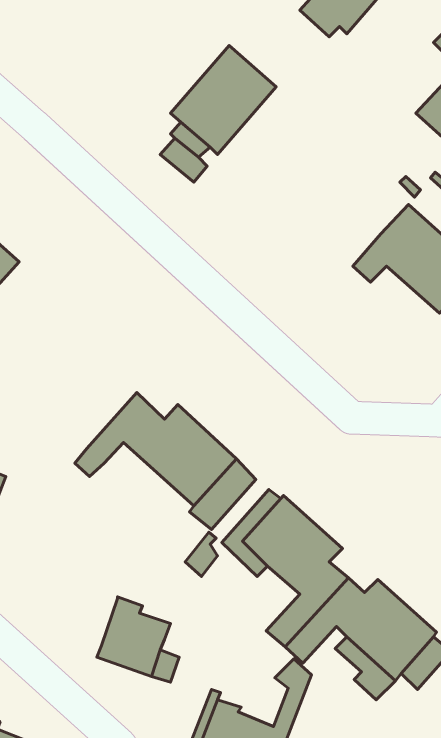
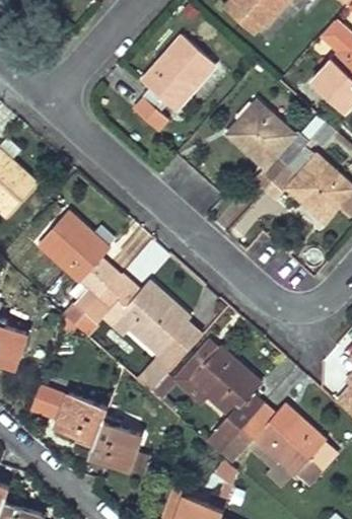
building: none -> [227,101,294,188]
building: none -> [38,211,118,313]
building: none -> [29,383,108,449]

